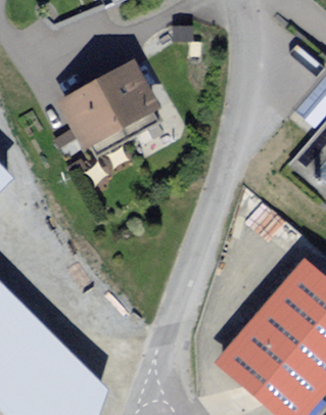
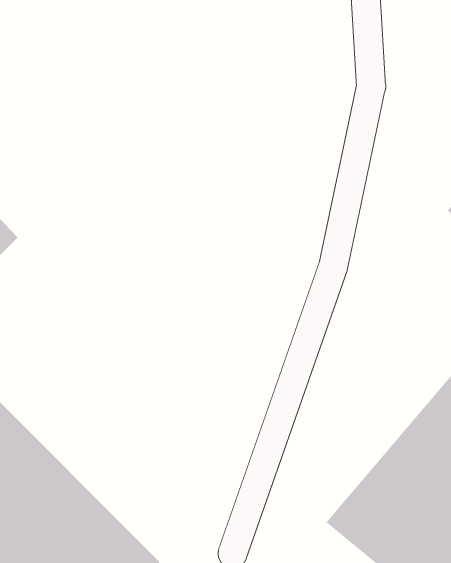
building: [57,61,156,149] -> none

